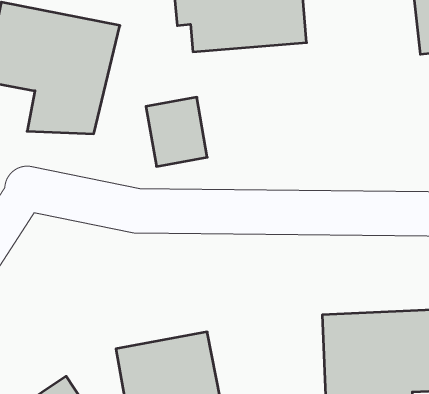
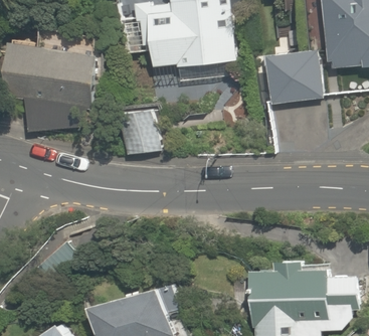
building: none -> [265,44,321,103]

